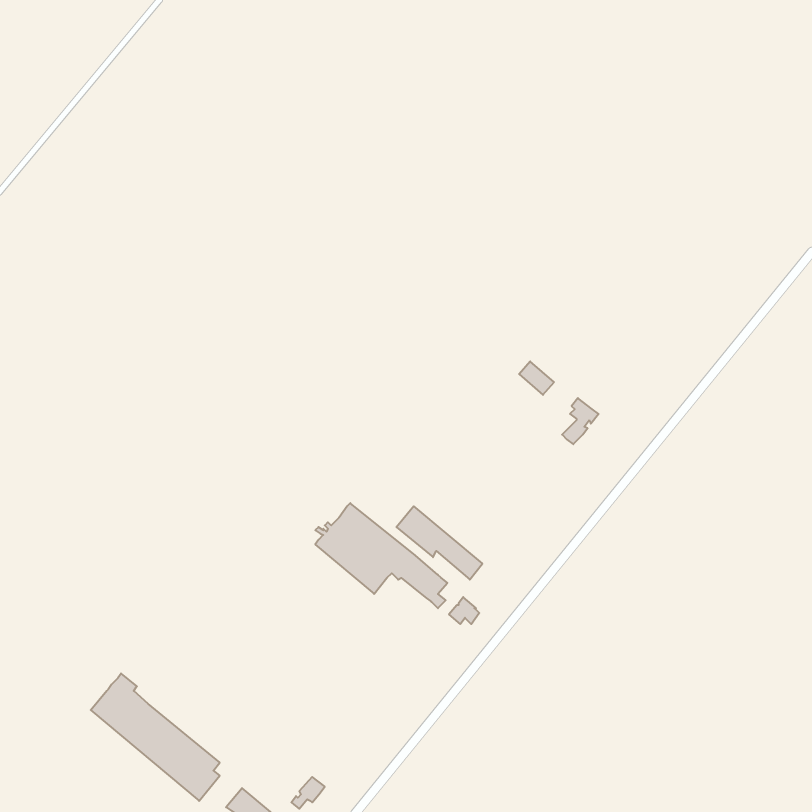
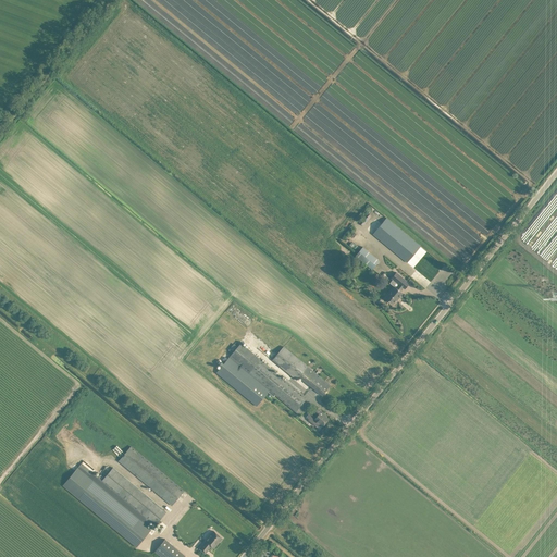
building: none -> [372,219,420,263]
building: none -> [119,447,183,506]
building: none -> [101,468,165,525]

